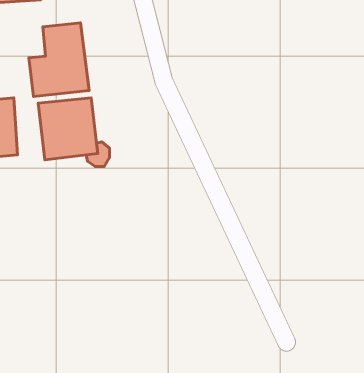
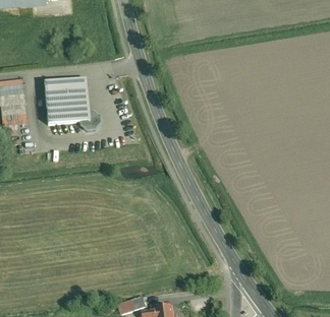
building: [29,23,89,96] -> none

